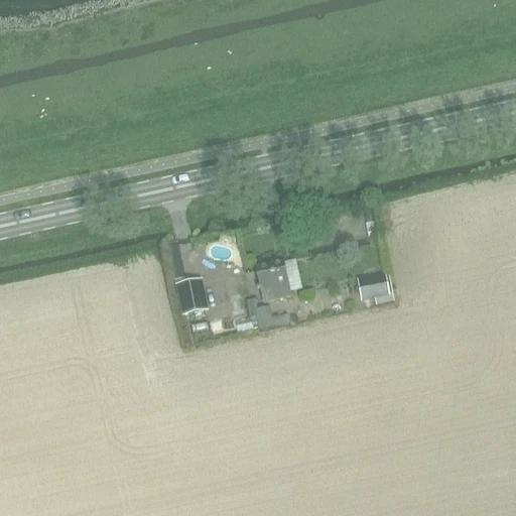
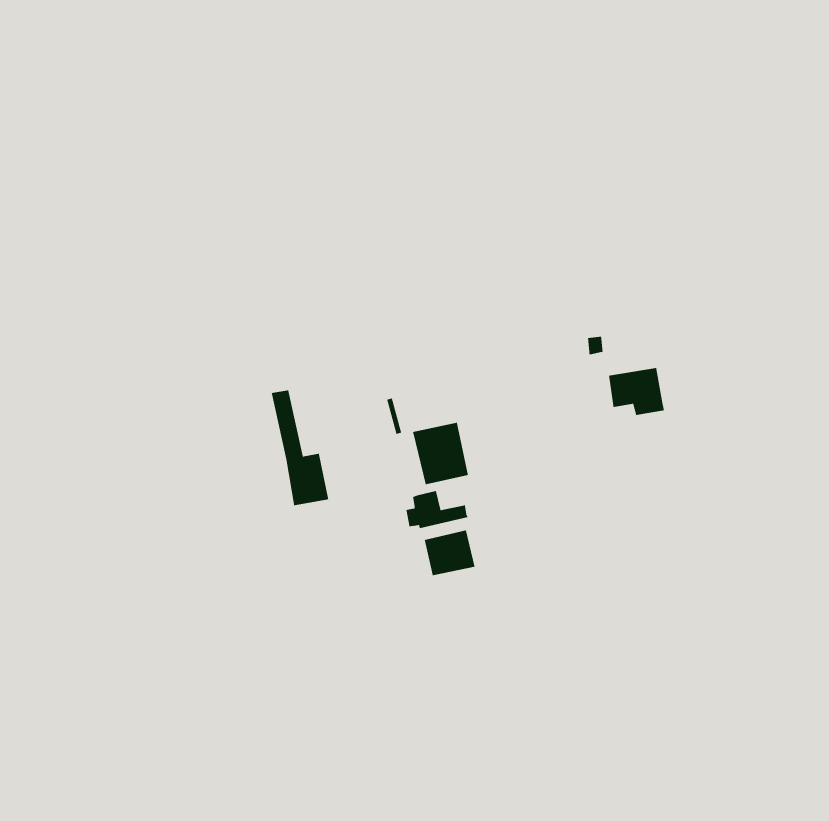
building: [359,273,394,303] -> [608,367,665,416]
building: none -> [424,529,476,576]

